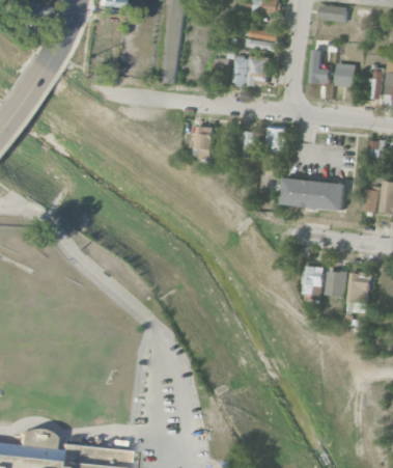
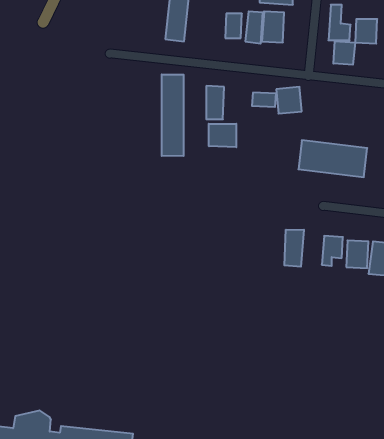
building: none -> [333,41,355,65]
building: none -> [162,74,184,156]
building: none -> [209,124,236,147]
building: none -> [284,230,304,267]

